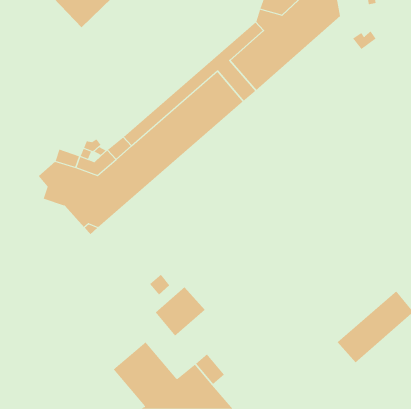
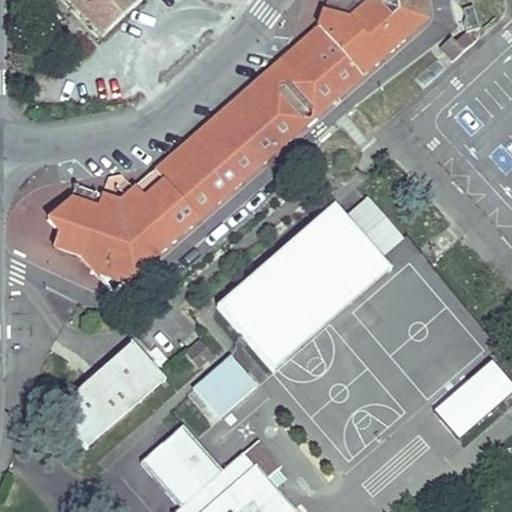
building: none -> [218,197,402,370]
building: none -> [54,341,164,446]

